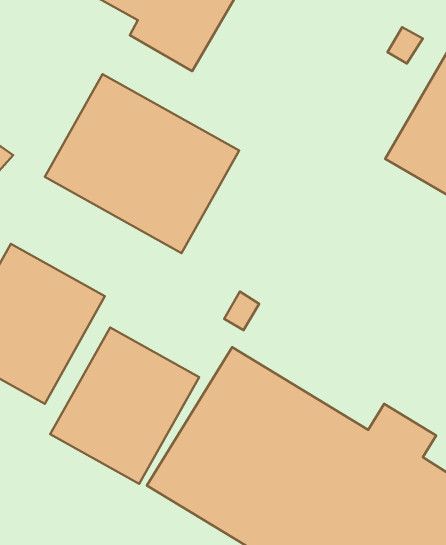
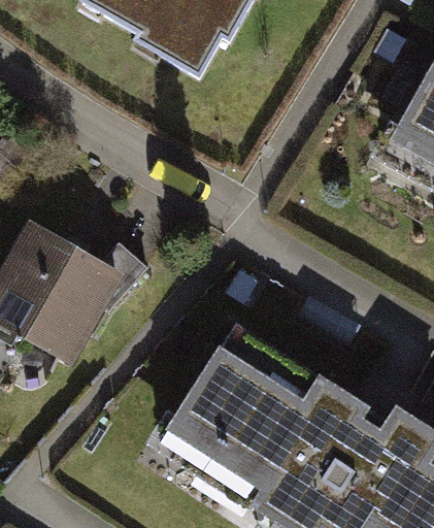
building: [45,74,239,253] -> none
building: [50,328,199,484] -> none

